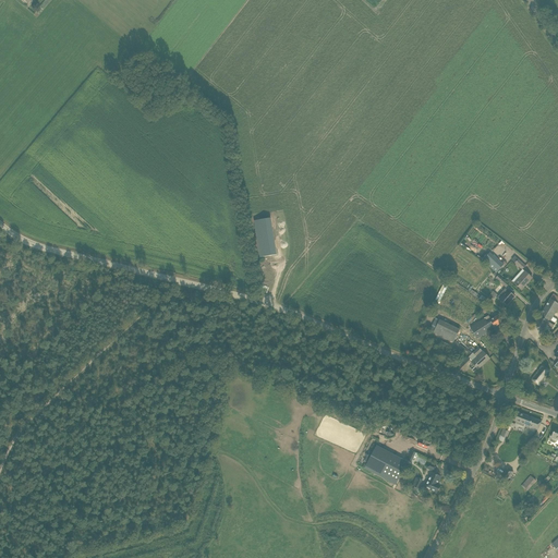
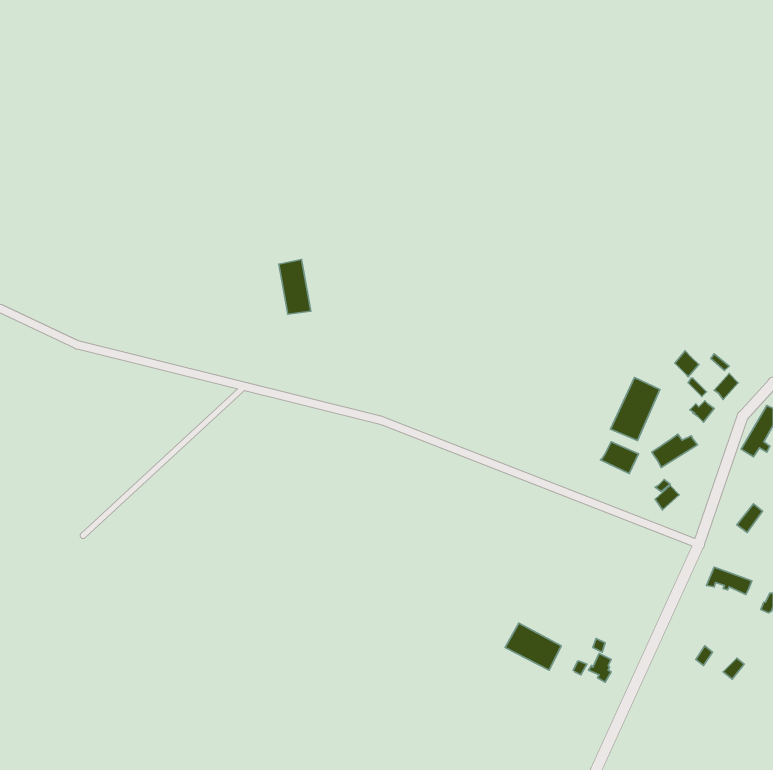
building: [254,216,277,255] -> [279,260,311,314]
building: none -> [610,377,660,440]

